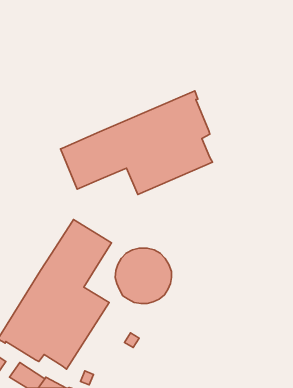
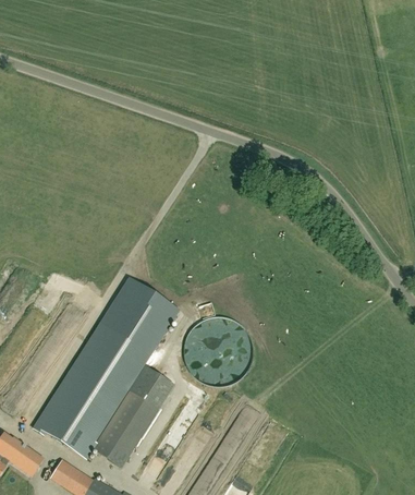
building: [61,91,213,195] -> none

